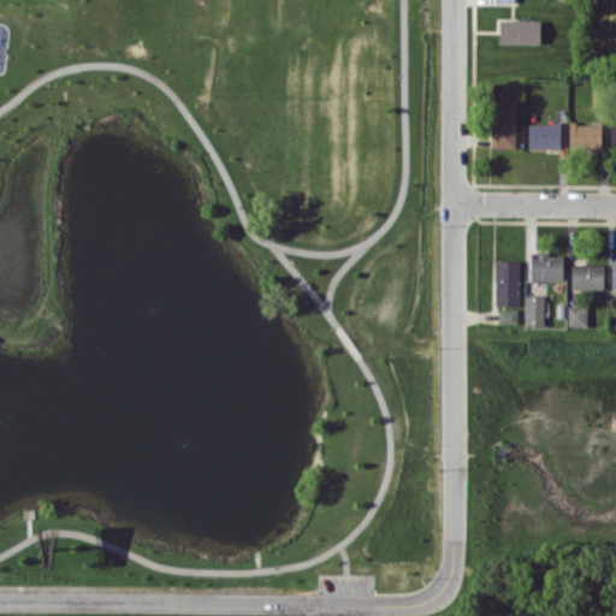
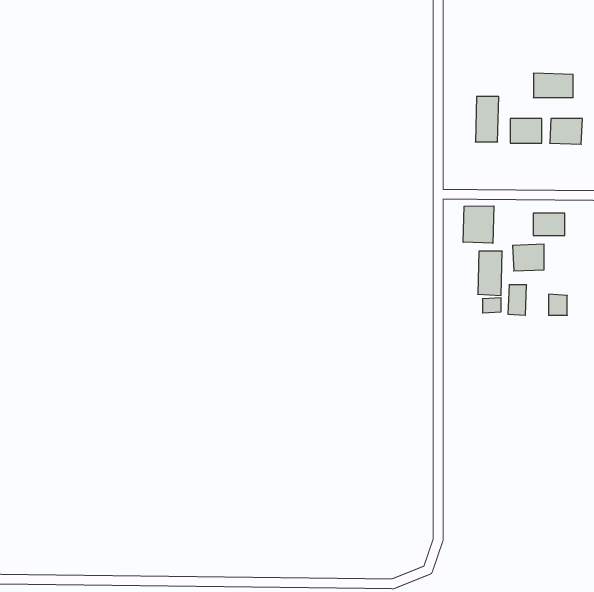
building: [499,20,540,46] -> [533,73,573,98]
building: none -> [463,206,494,243]
building: [571,267,604,290] -> [533,213,565,235]

